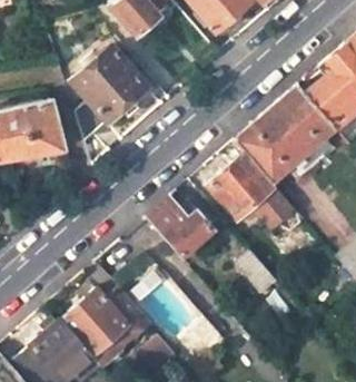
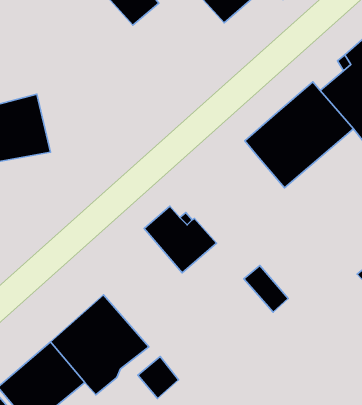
building: [71,45,146,139] -> none
building: [209,153,296,231] -> none

